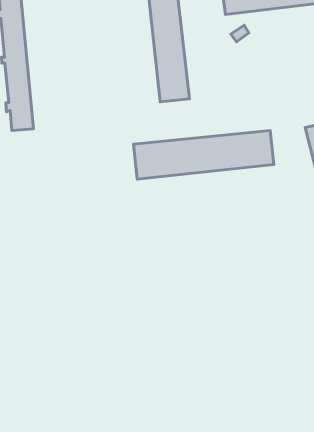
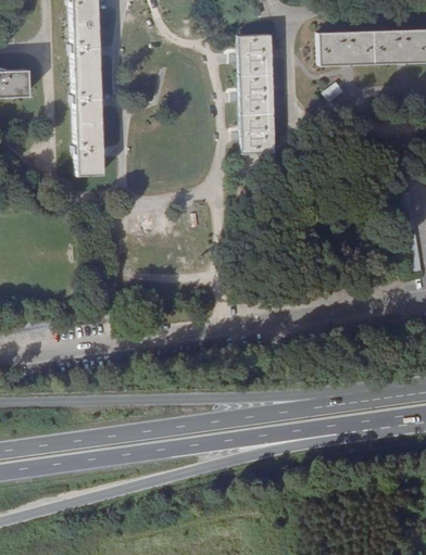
building: [133,131,274,179] -> none

